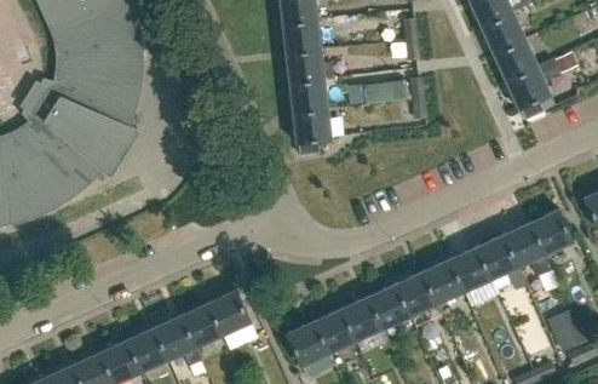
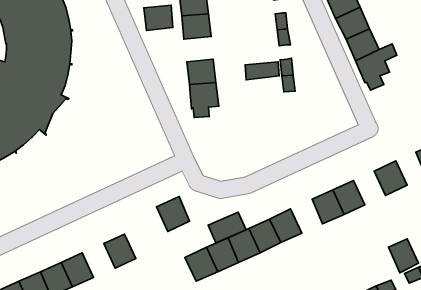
building: [286,50,323,82] -> [144,5,173,30]
building: [504,223,552,276] -> none
building: [422,259,464,303] -> none
building: none -> [208,212,246,243]
building: [209,291,252,336] -> [157,197,190,231]
building: [155,316,202,367] -> none

